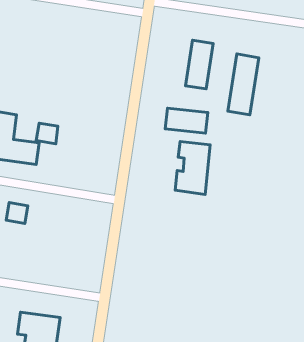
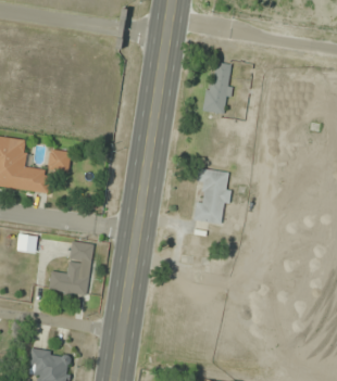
building: [228,54,259,115] -> none
building: [165,108,208,133] -> none
building: none -> [48,241,92,296]

